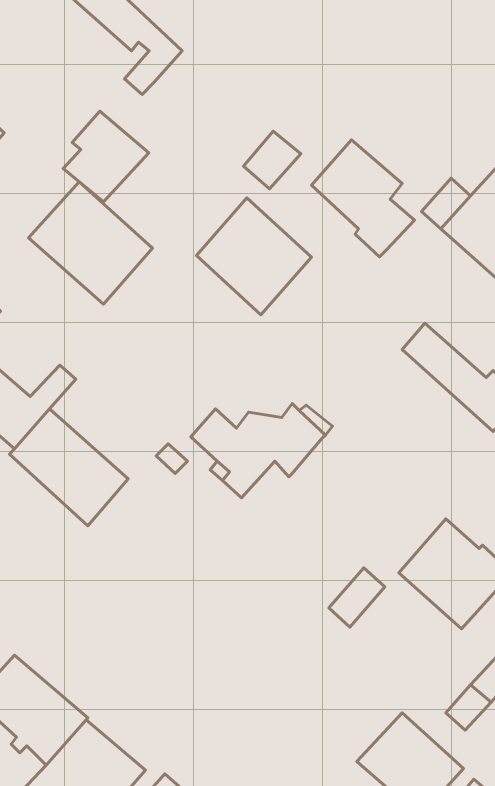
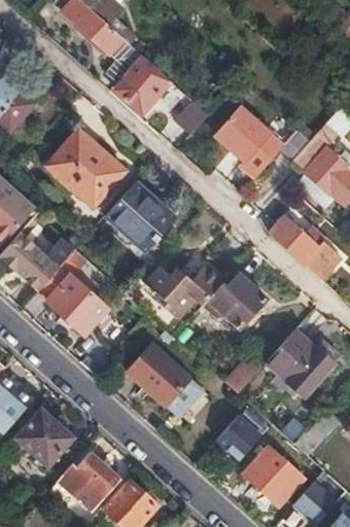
building: [63,111,149,202] -> [118,55,169,108]
building: [196,198,312,315] -> [106,182,174,251]
building: none -> [205,275,267,328]
building: none -> [130,345,202,415]
building: none -> [213,417,260,464]

